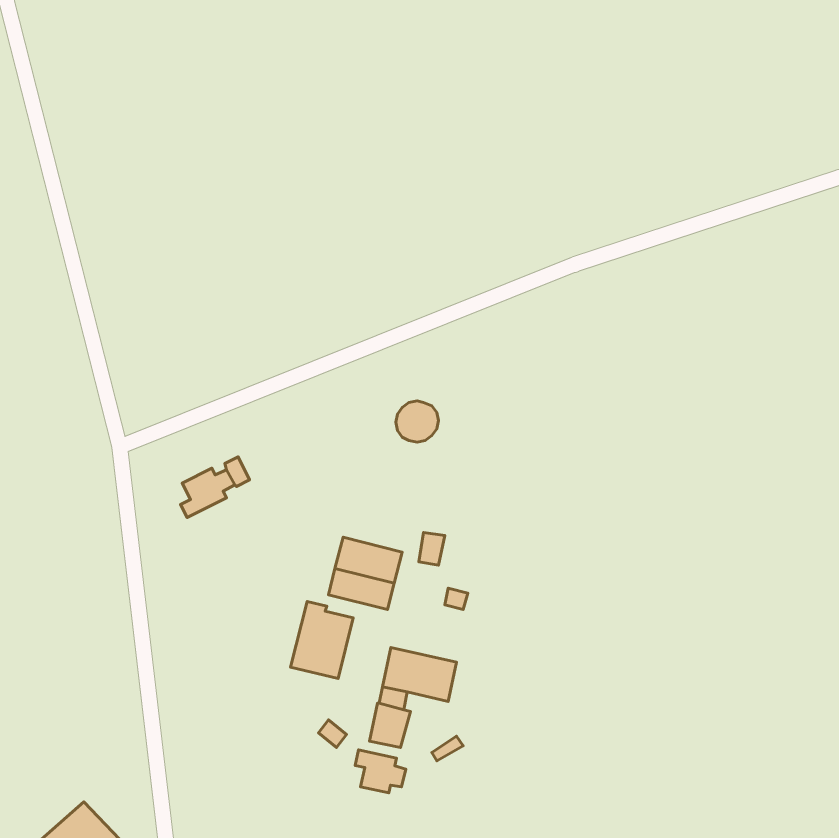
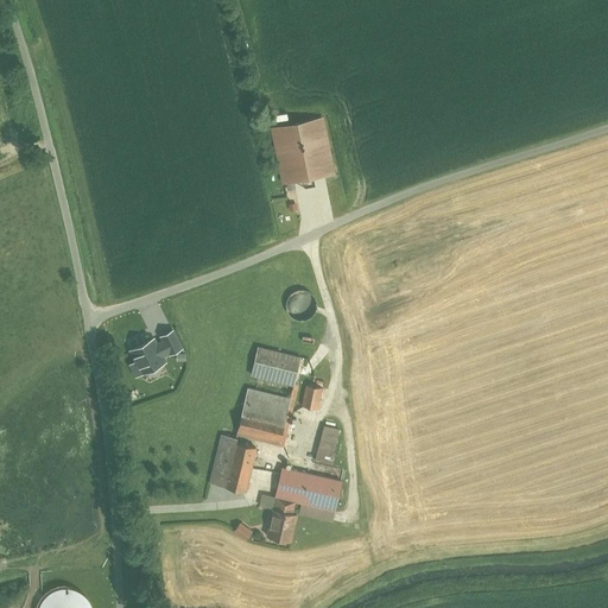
building: none -> [273,118,332,183]
building: none -> [252,348,300,386]
building: [355,750,406,793] -> none

